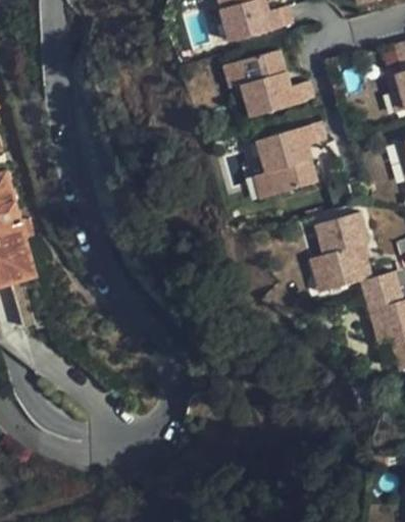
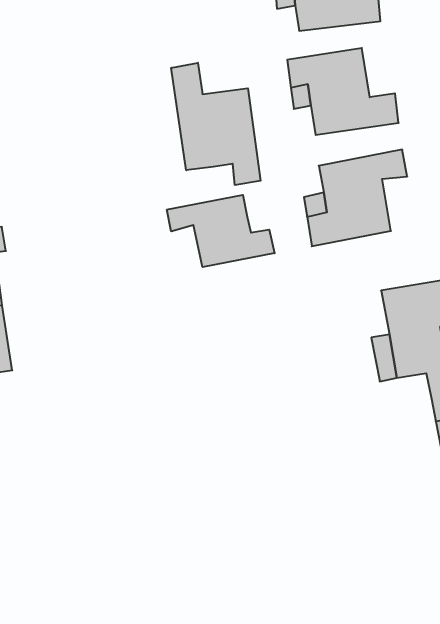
building: none -> [171,63,261,185]
building: none -> [167,195,275,267]

